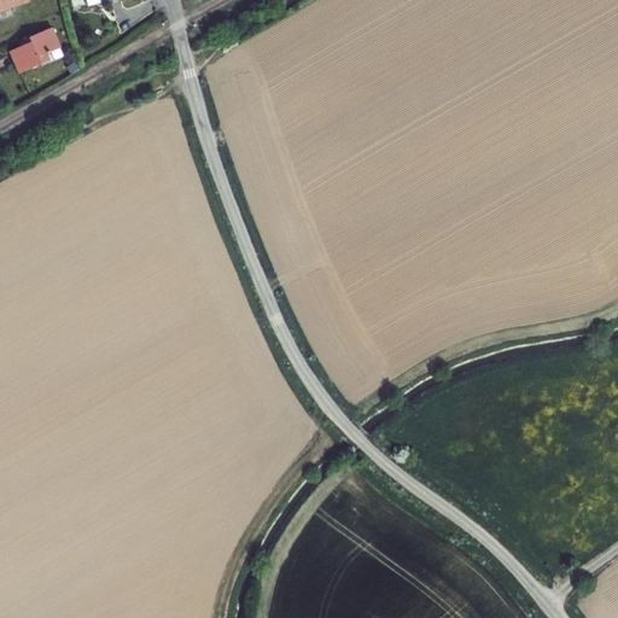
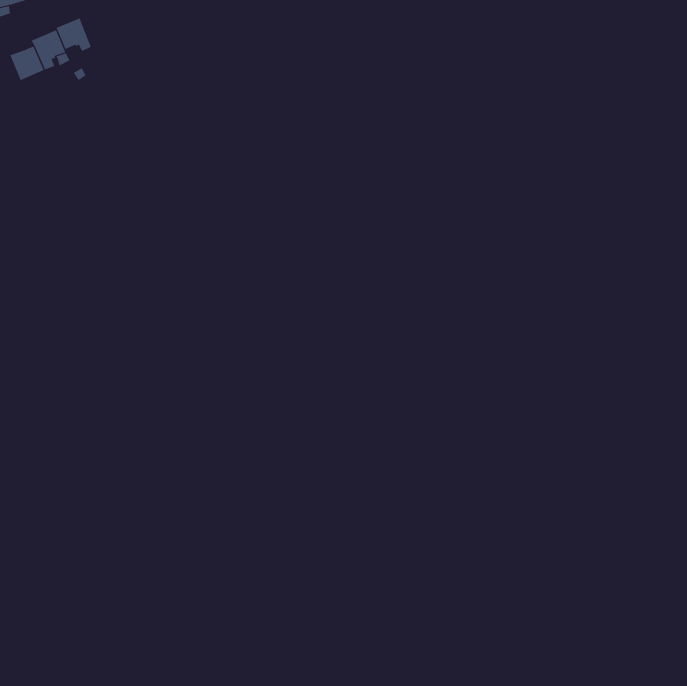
building: none -> [56,17,92,52]

